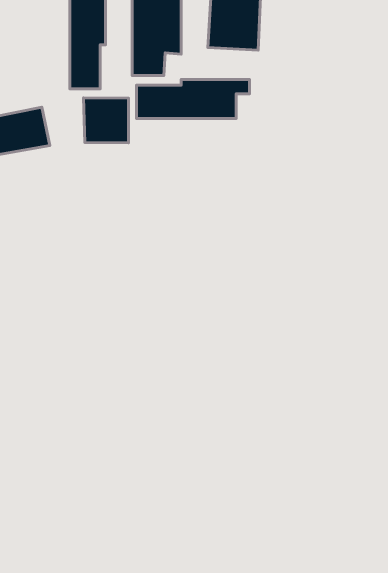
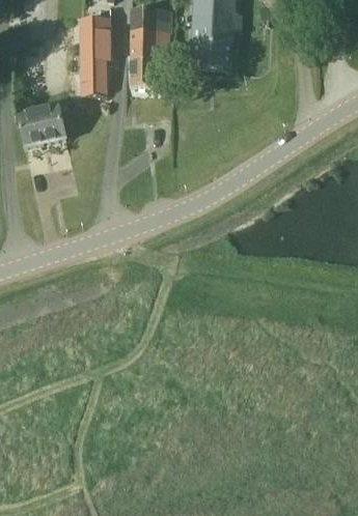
building: [137,79,250,118] -> none
building: [83,98,129,143] -> none

